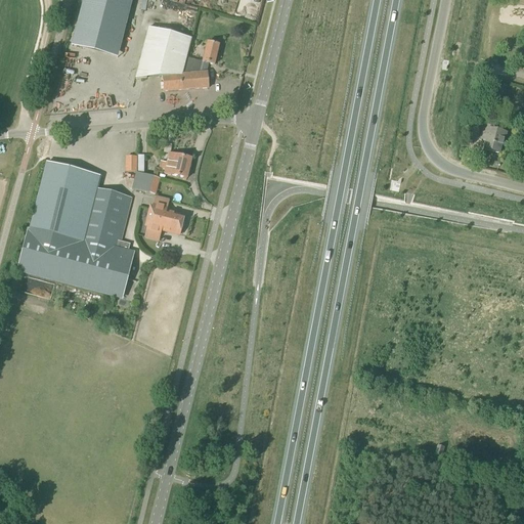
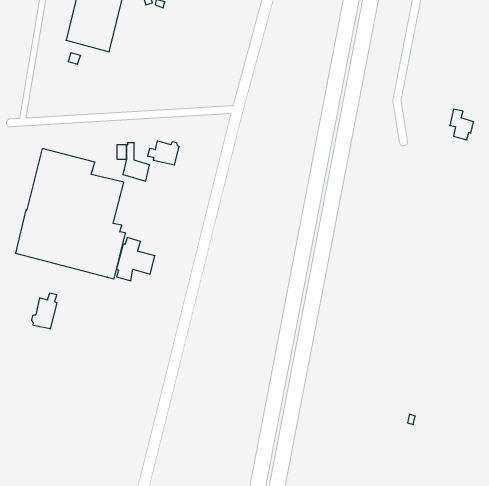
building: [136,26,220,89] -> none
building: [144,193,185,239] -> [117,238,155,281]
building: none -> [32,293,57,329]

